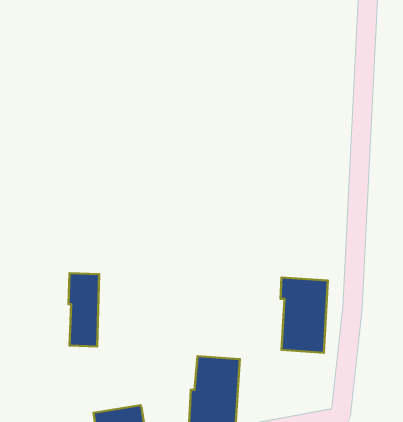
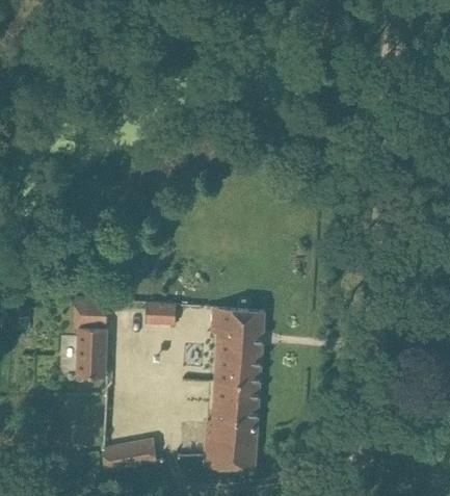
building: [281,277,328,353] -> [213,308,264,389]
building: none -> [144,305,176,328]

